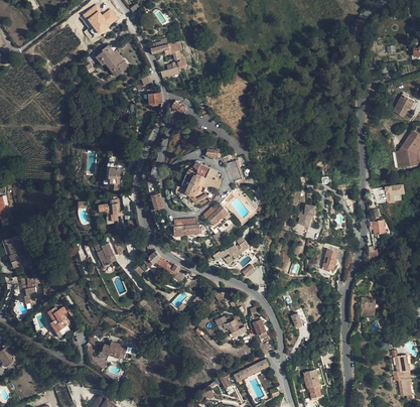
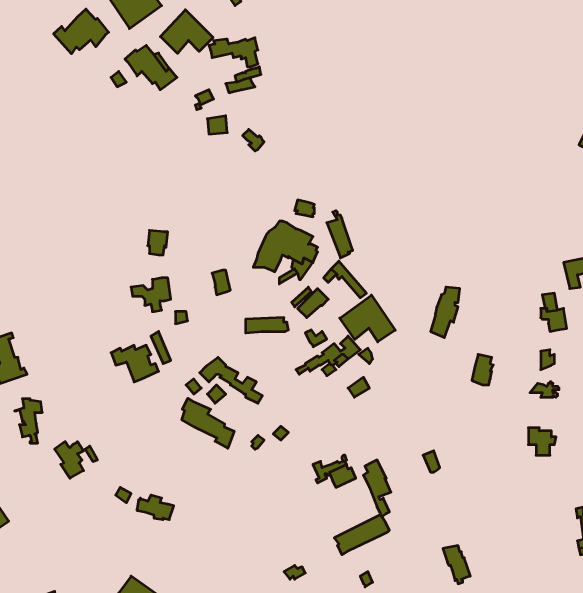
building: none -> [54,9,109,54]
building: none -> [160,10,213,53]
building: none -> [340,295,395,342]
building: none -> [182,398,234,448]

